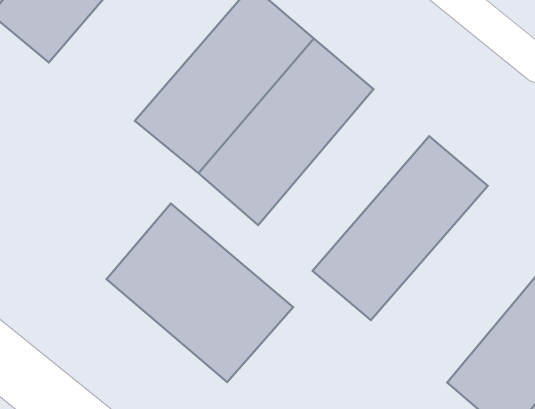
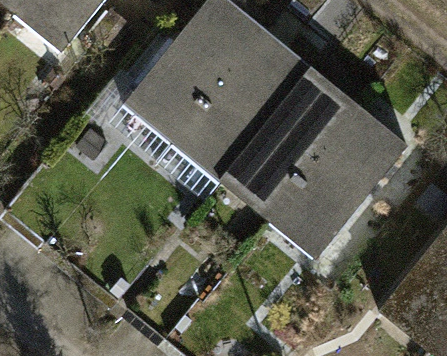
building: none -> [225,74,360,217]
building: [107,204,293,382] -> none

